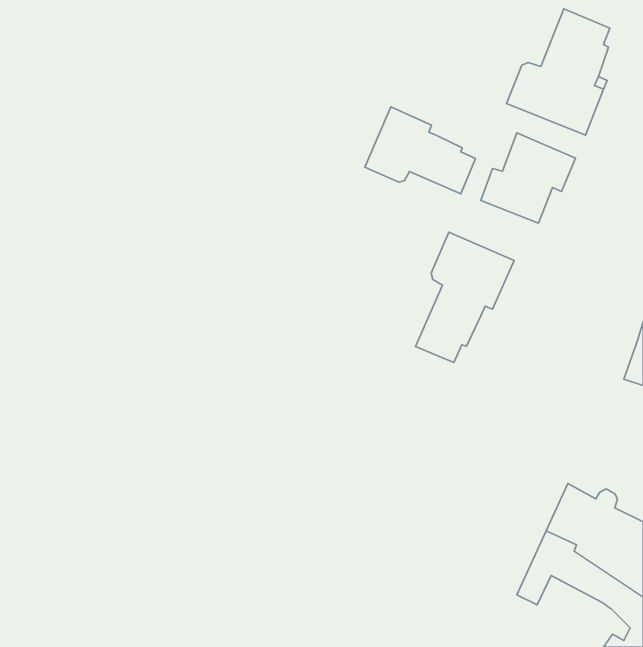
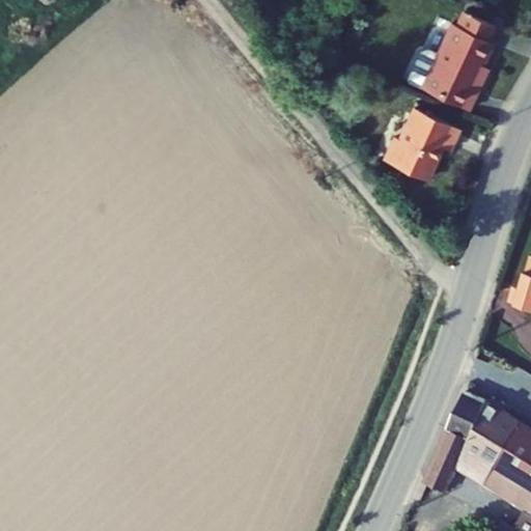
building: [365,107,476,194] -> none
building: [416,232,514,362] -> none

